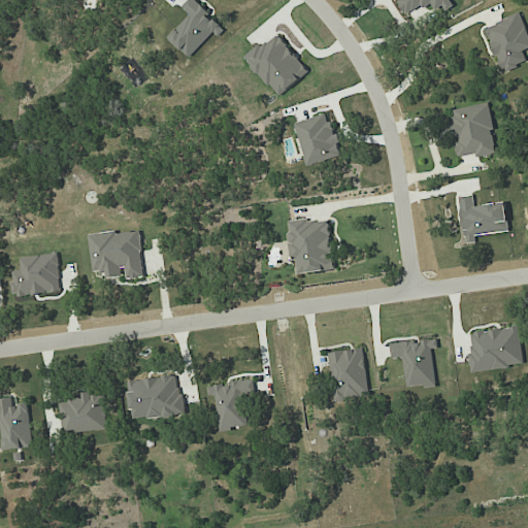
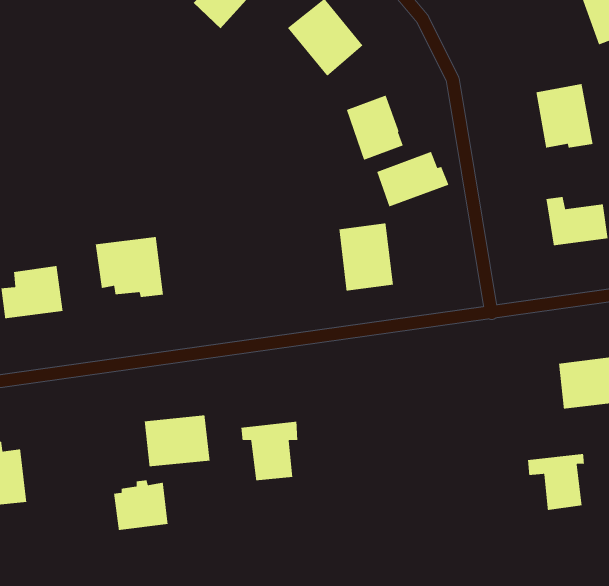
building: none -> [376,151,450,207]
building: [389,338,436,386] -> [527,453,585,511]
building: [326,348,368,398] -> none
building: [60,391,105,433] -> [113,479,169,531]

